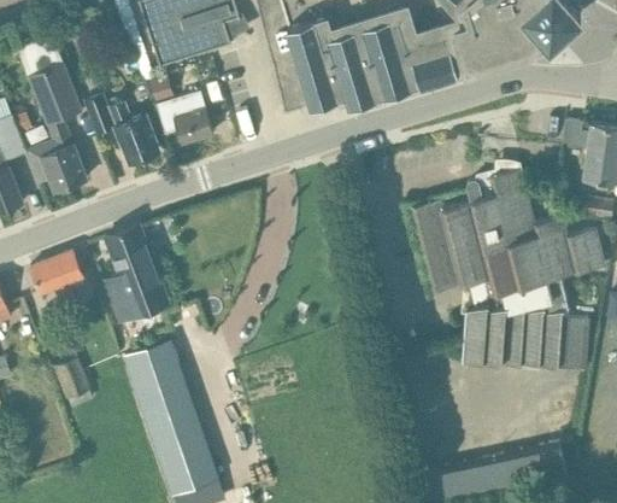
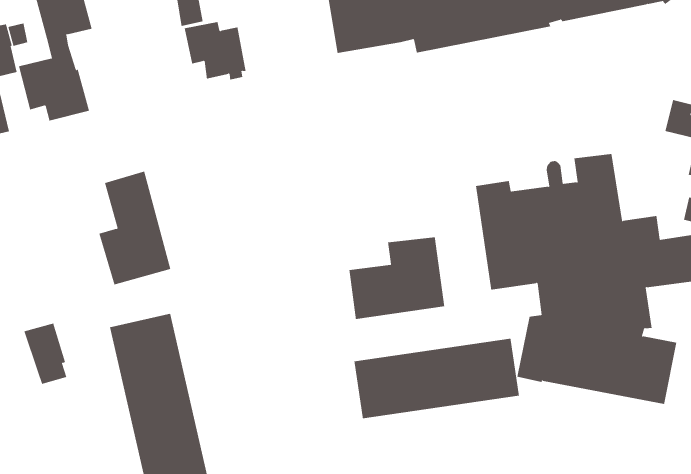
building: [83,94,161,164] -> none
building: [30,251,84,308] -> none
building: none -> [349,236,445,320]
building: none -> [354,338,519,419]

